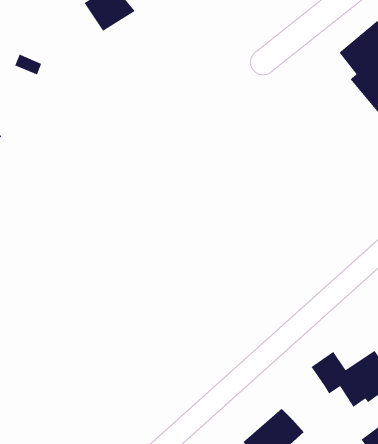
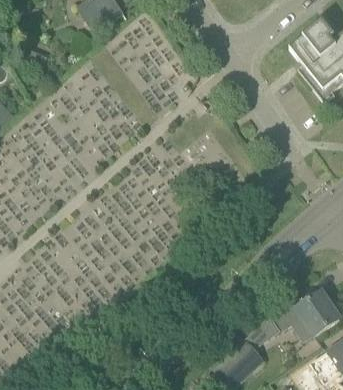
building: none -> [245,314,281,347]

